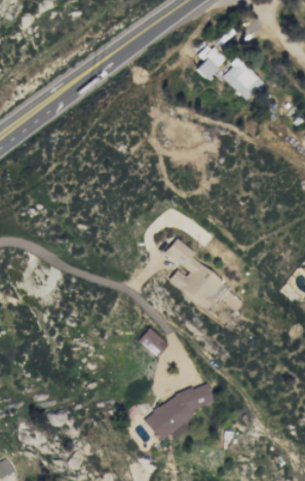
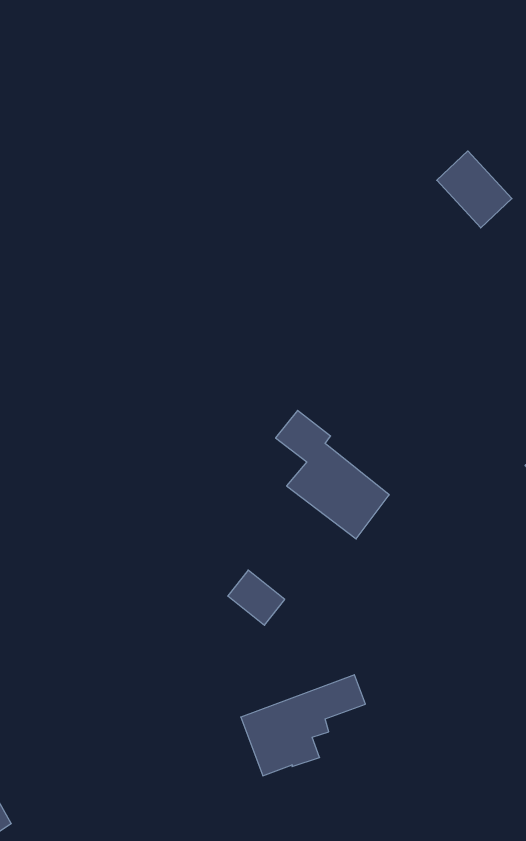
building: [195,47,226,79] -> none
building: [222,58,264,101] -> [437,151,512,228]

